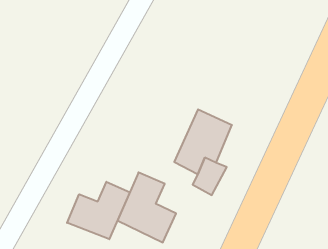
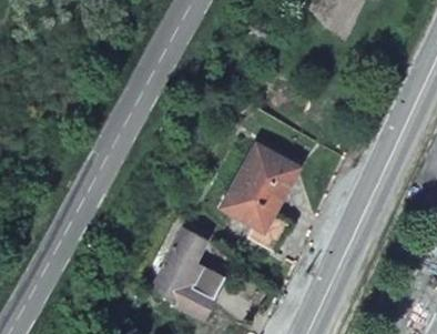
building: [67,182,130,239] -> none

